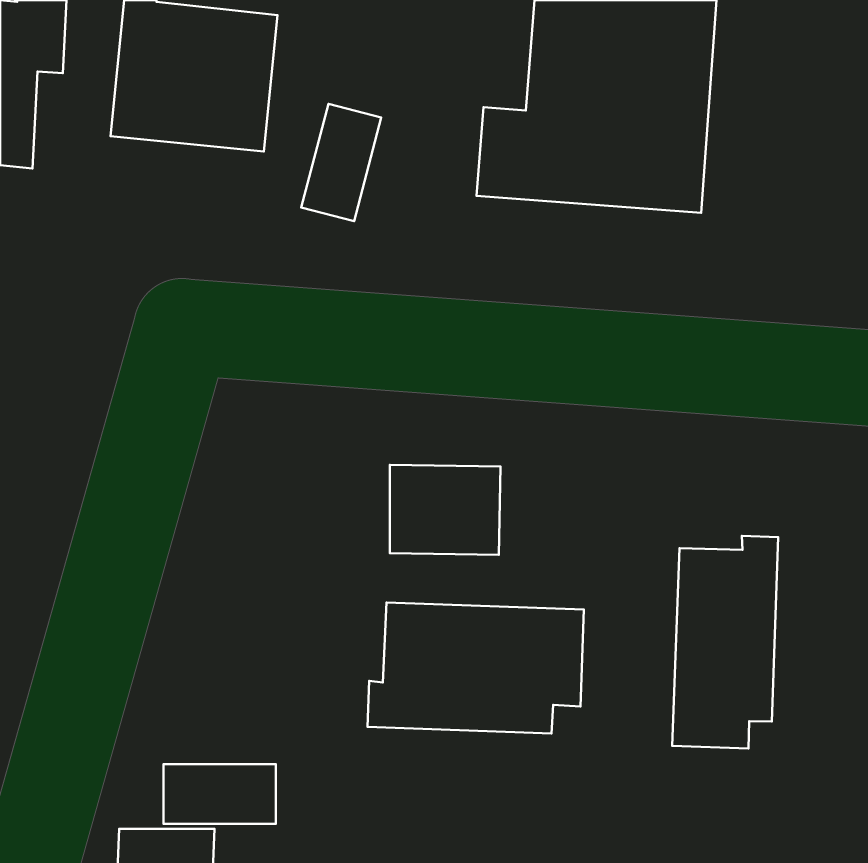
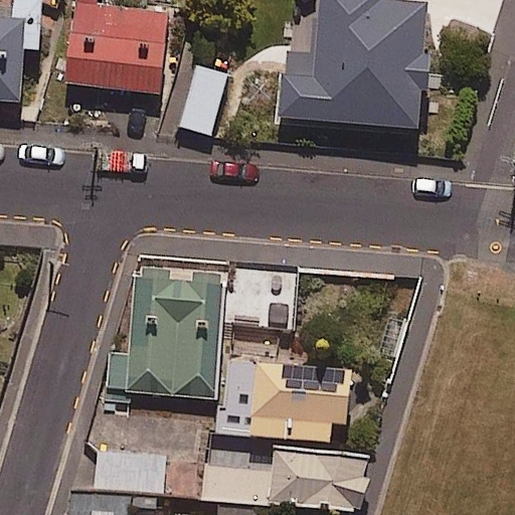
building: none -> [106,266,221,405]
building: [672,536,778,749] -> none
building: none -> [203,442,363,506]

